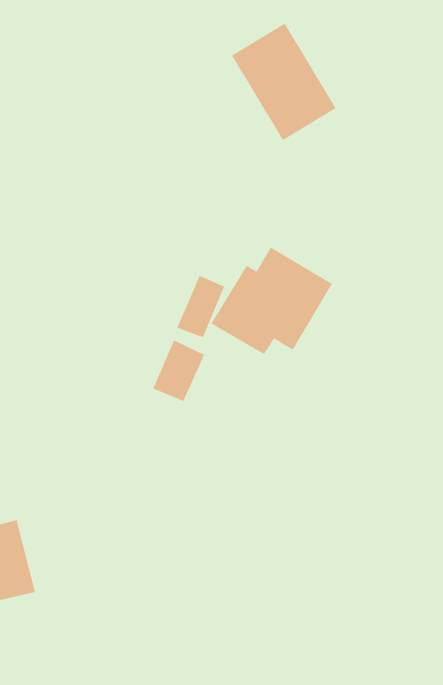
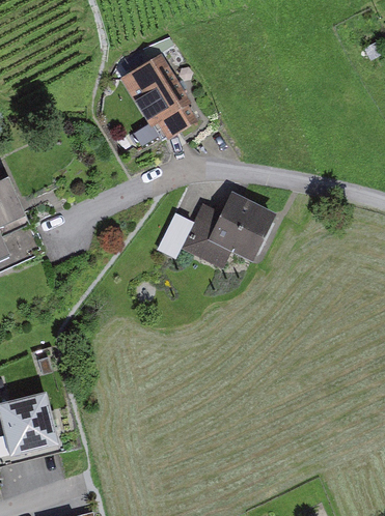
building: [231,23,336,141] -> [120,58,197,144]
building: [153,340,205,402] -> none

